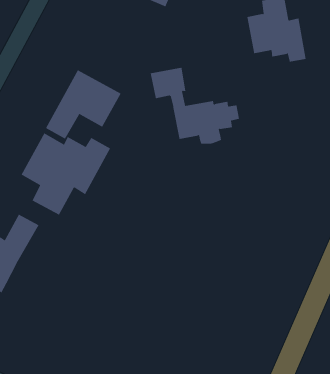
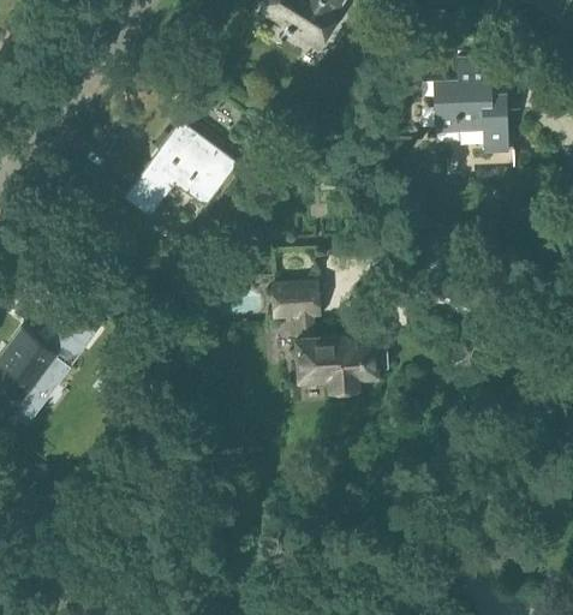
building: [150,67,240,144] -> [270,281,389,396]
building: [21,133,111,216] -> none

